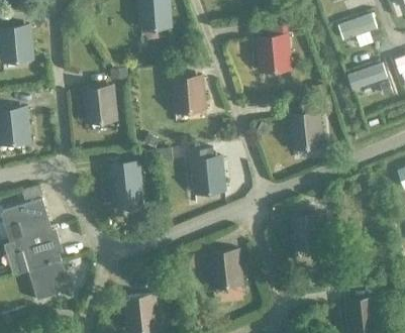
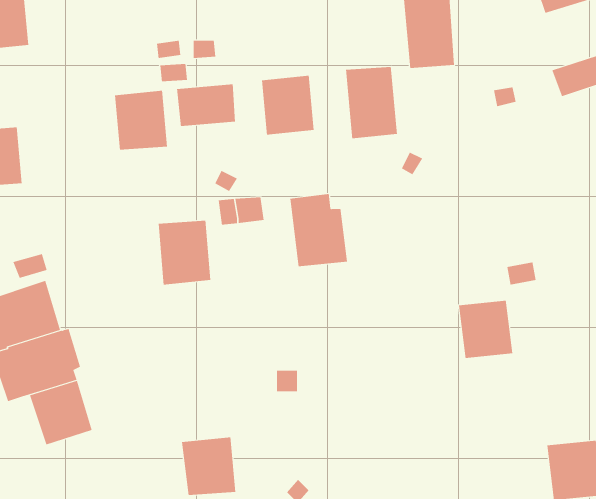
building: none -> [345,66,397,139]
building: none -> [177,84,235,127]
building: [290,111,323,147] -> none
building: [209,250,241,286] -> none

